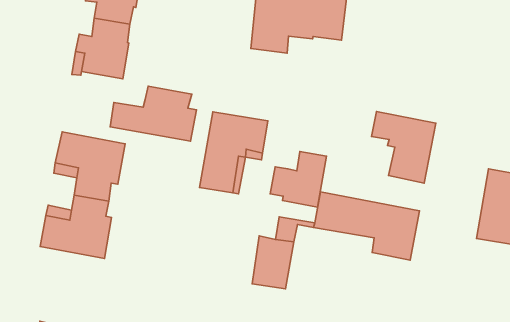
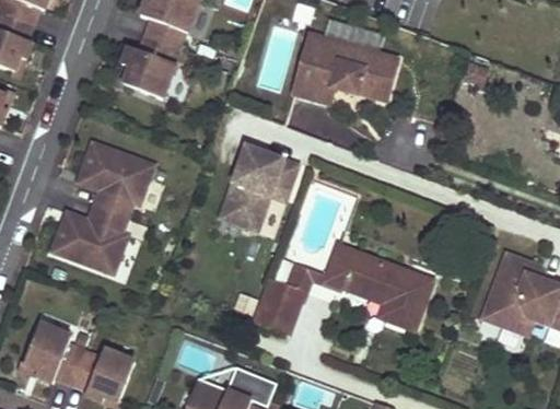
building: [110,86,196,141] -> none
building: [371,111,436,183] -> none
building: [270,152,326,207] -> none

